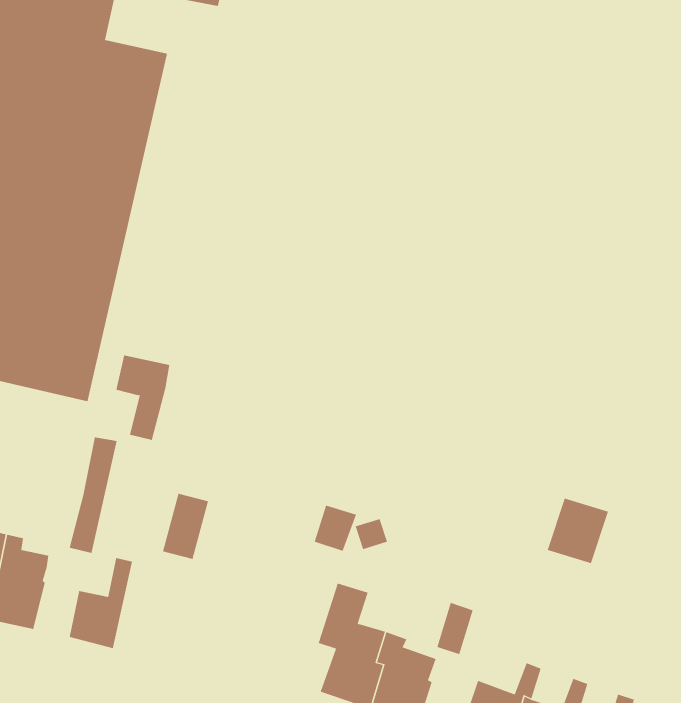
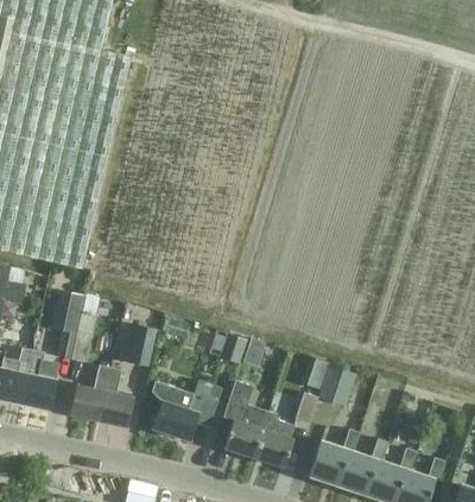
building: [116,355,170,441] -> [48,306,81,358]
building: [547,498,609,564] -> [317,366,355,406]
building: none -> [97,367,132,426]
building: none -> [150,380,222,440]

